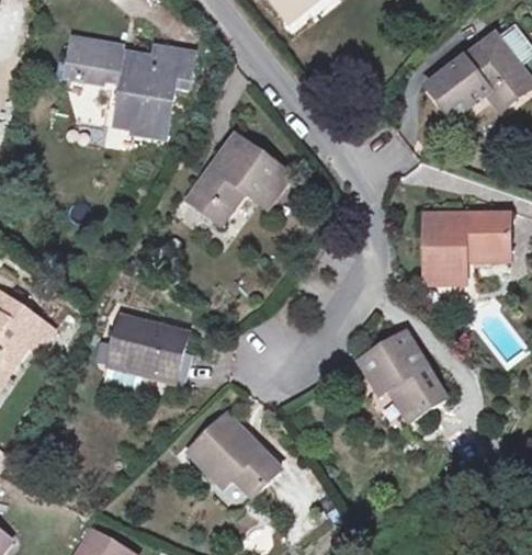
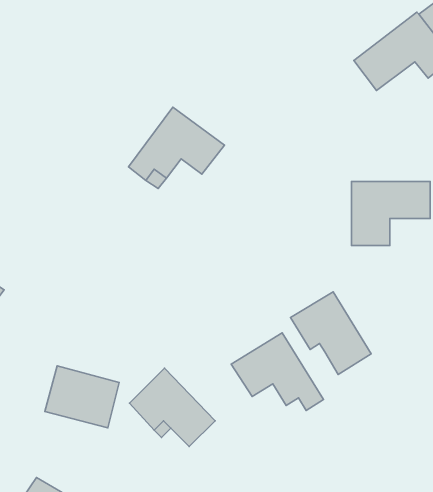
building: [66,38,192,138] -> none
building: [107,315,186,381] -> [45,366,119,428]
building: none -> [231,333,323,411]

